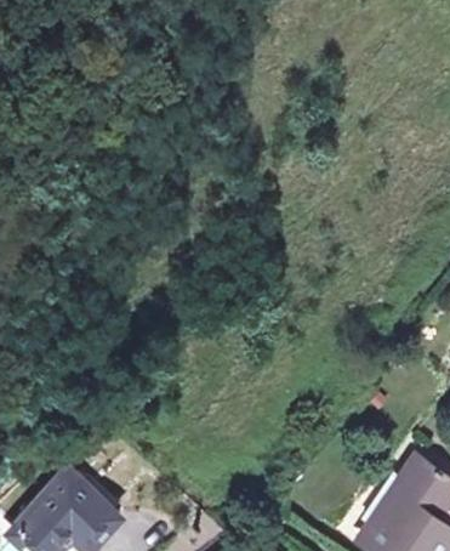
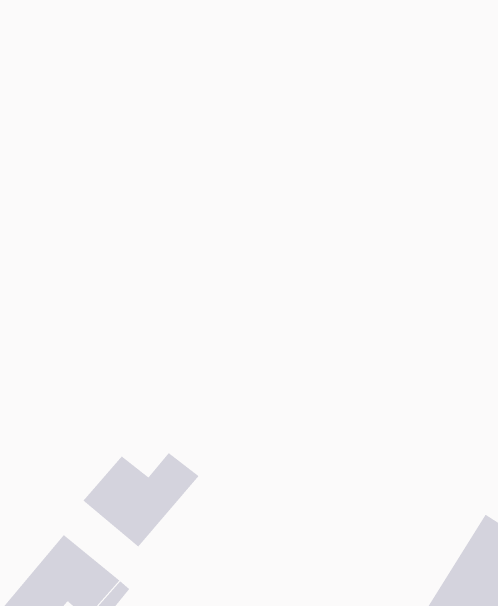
building: none -> [83,452,199,548]

